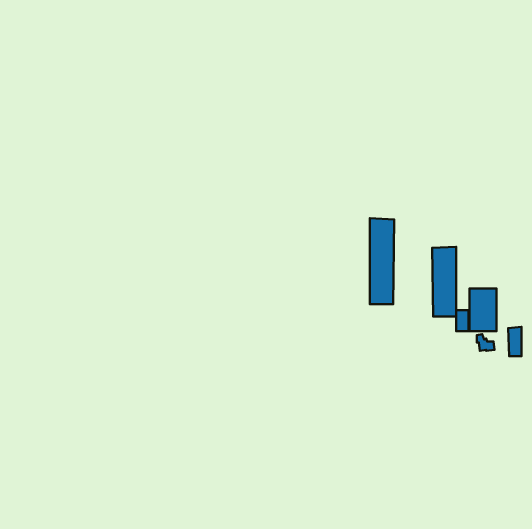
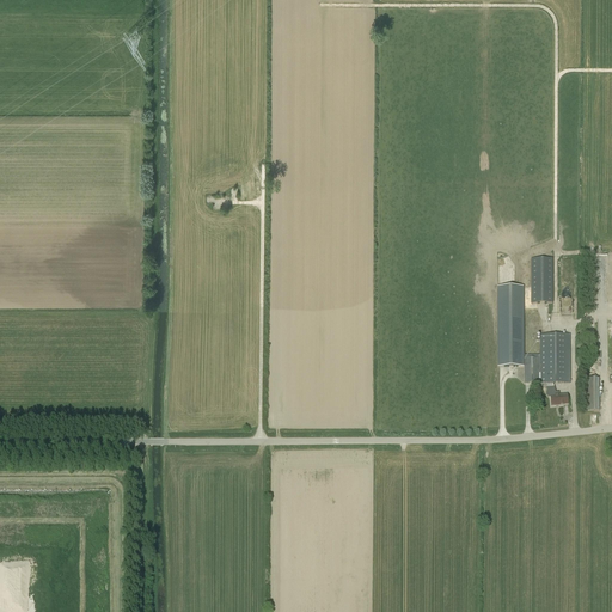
building: [370,218,394,304] -> none
building: none -> [531,256,552,300]

